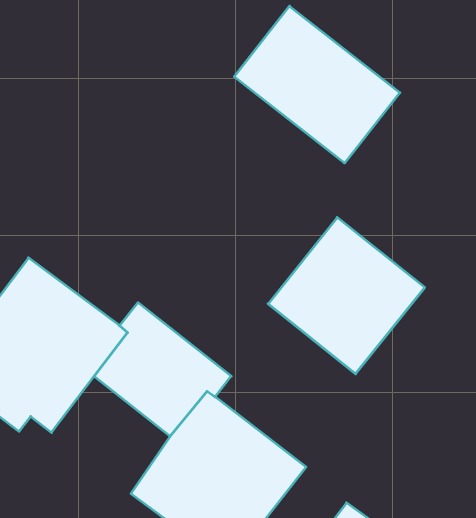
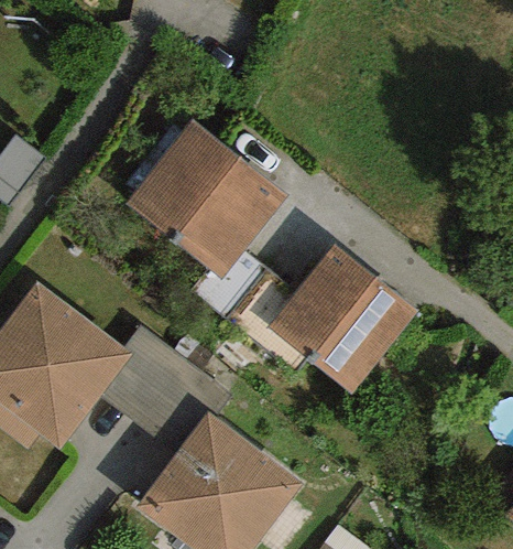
building: [234,6,400,163] -> none
building: none -> [125,121,287,280]

